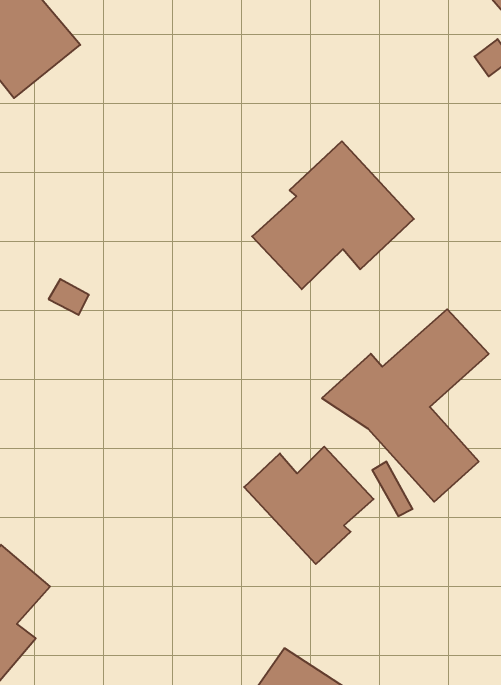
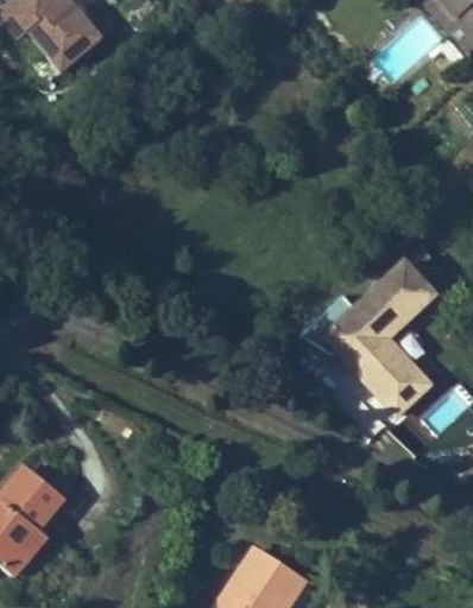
building: [252,141,414,289] -> none
building: [244,447,374,564] -> none

